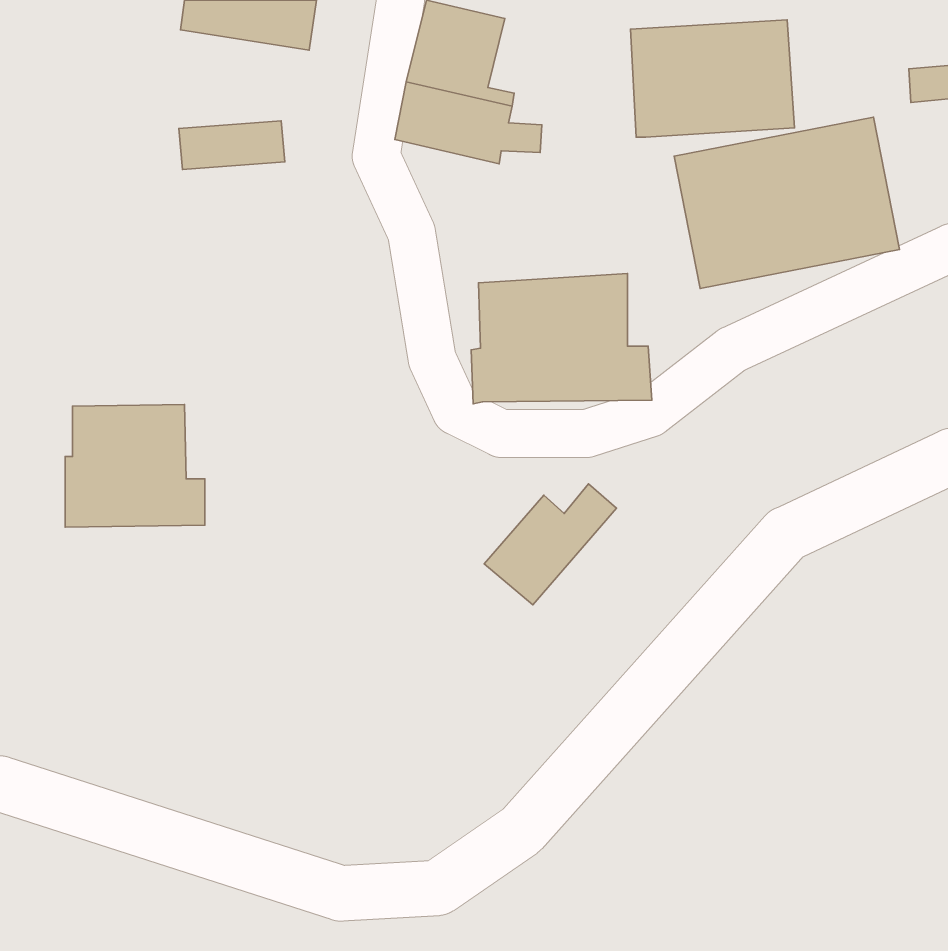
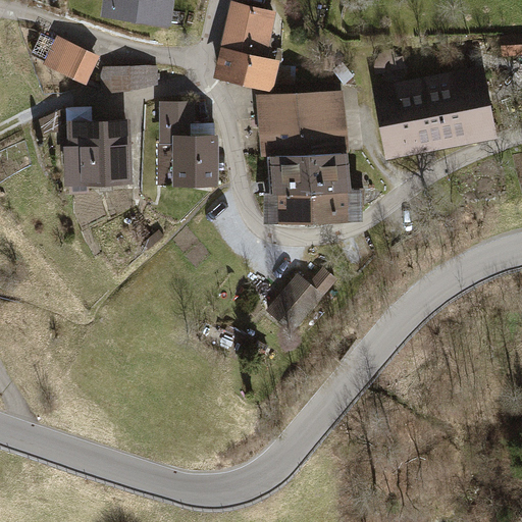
building: [631,20,794,137] -> [256,91,346,155]
building: none -> [40,36,97,83]
building: none -> [158,102,215,184]
building: [65,404,205,527] -> [62,118,139,186]

